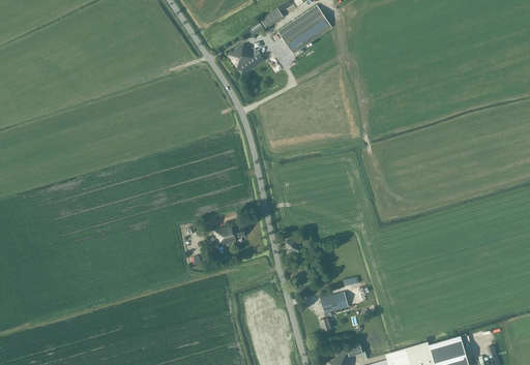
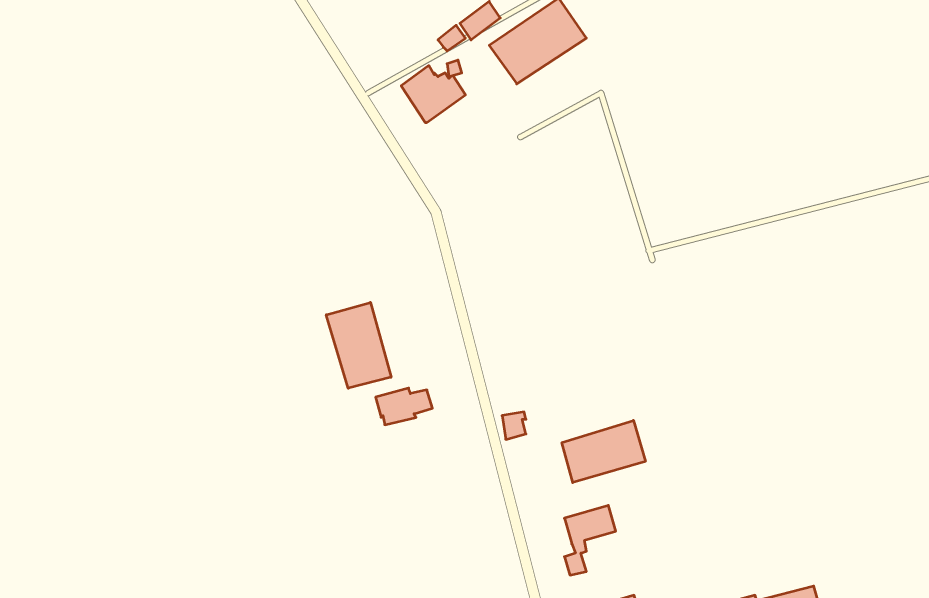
building: none -> [326,302,391,388]
building: none -> [562,420,645,483]

